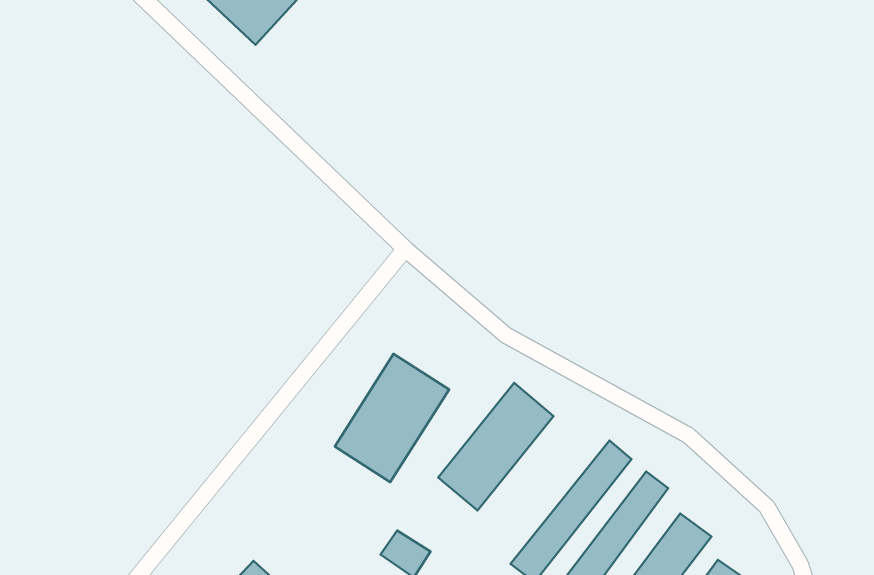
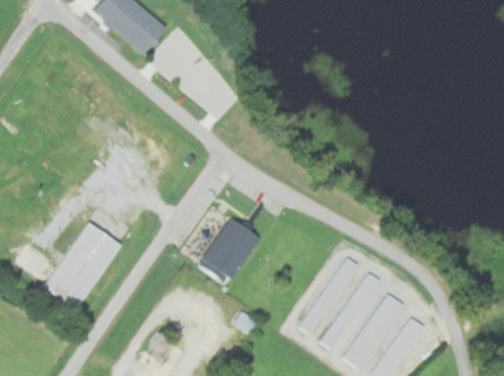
building: none -> [43,220,122,310]
building: [438,383,554,511] -> none

